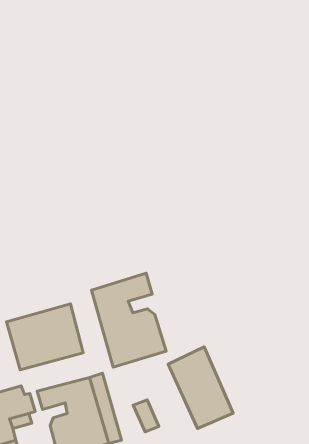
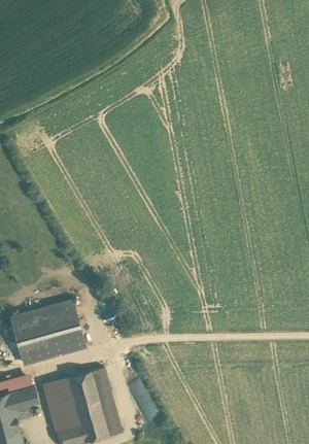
building: [91,273,166,367] -> none
building: [168,347,233,429] -> none

